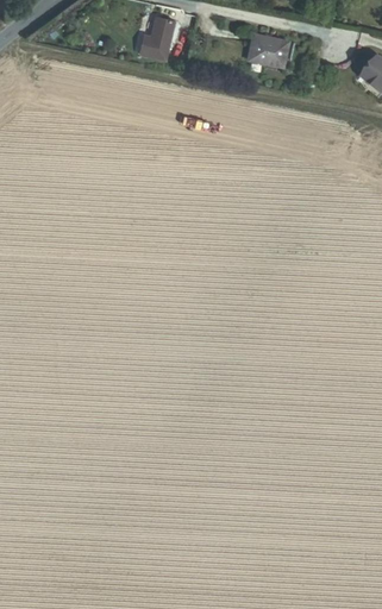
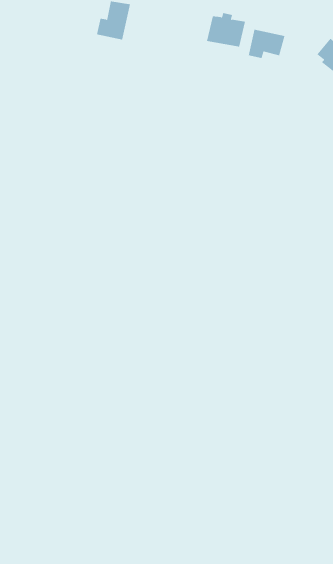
building: none -> [248,29,285,59]

